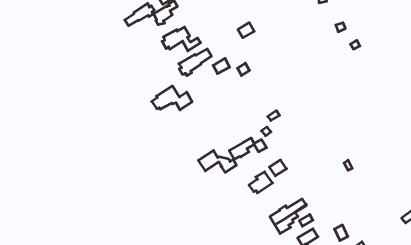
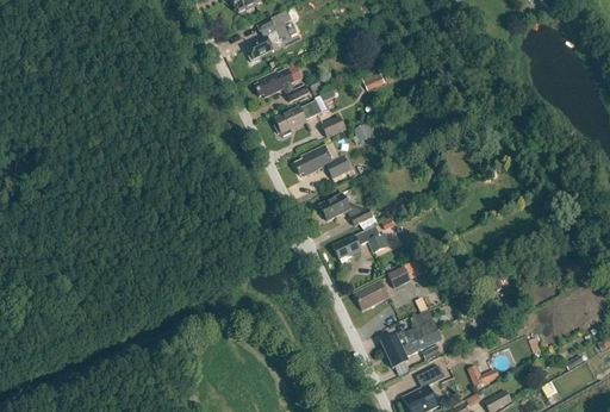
building: [125,3,154,26] -> none
building: [152,86,192,110] -> [295,143,351,177]
building: [198,150,236,172] -> [320,192,373,224]

